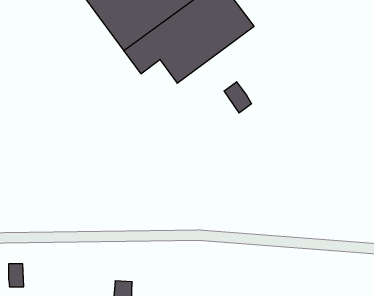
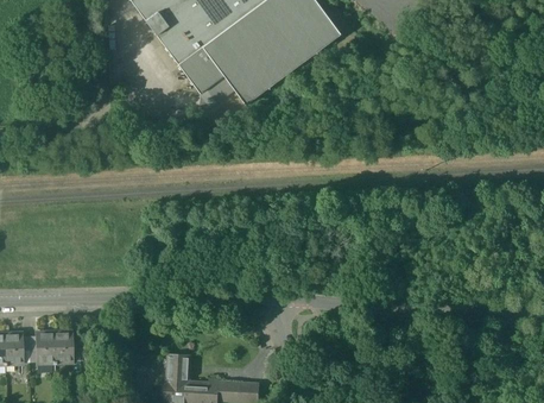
building: [224,82,251,113] -> none
building: none -> [53,330,71,360]

